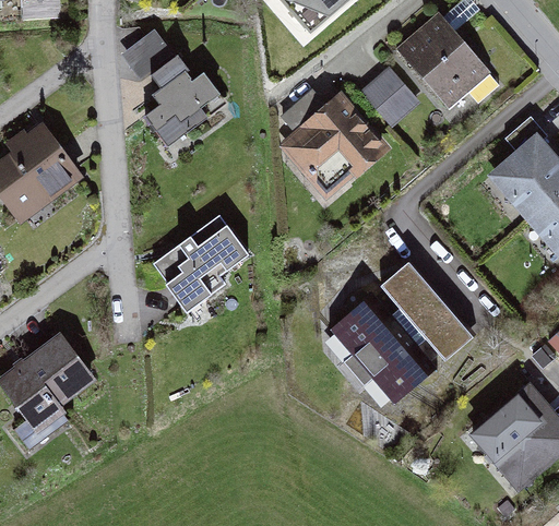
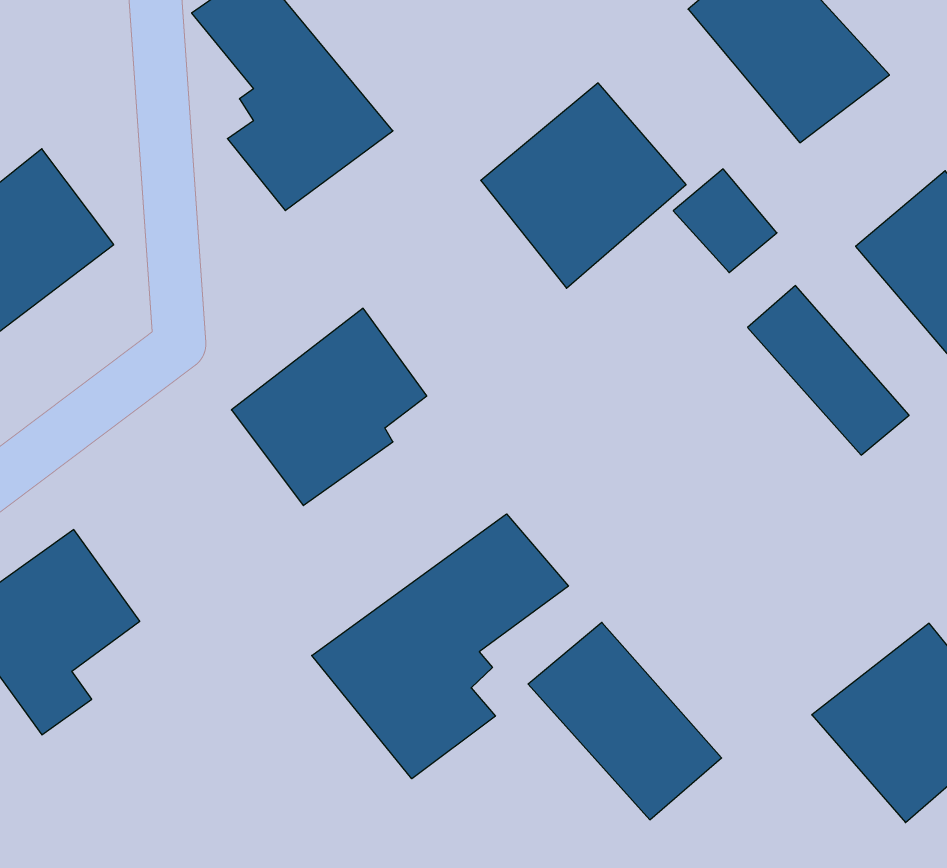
building: [364,65,420,122] -> [673,169,777,273]
building: [380,266,468,359] -> [748,286,909,455]
building: [330,292,436,401] -> [528,622,722,820]
building: none -> [312,514,568,779]

